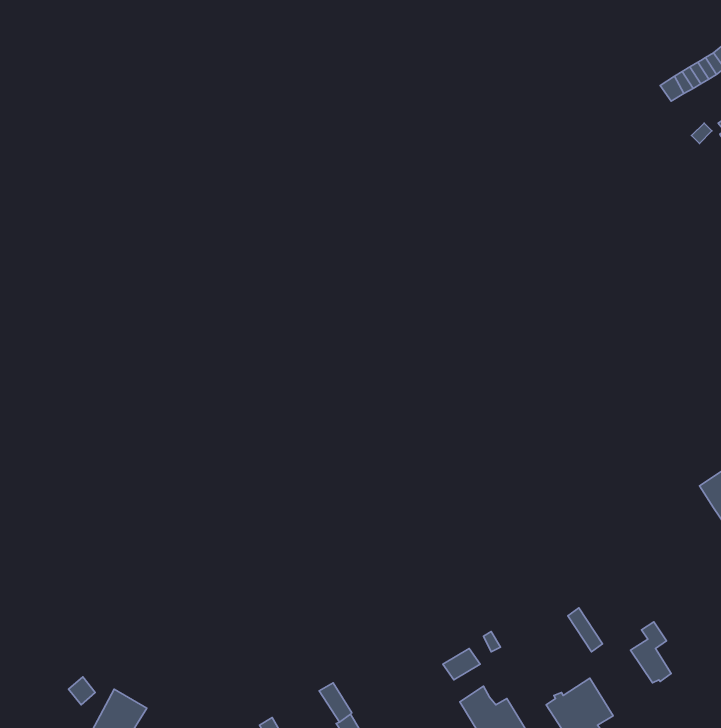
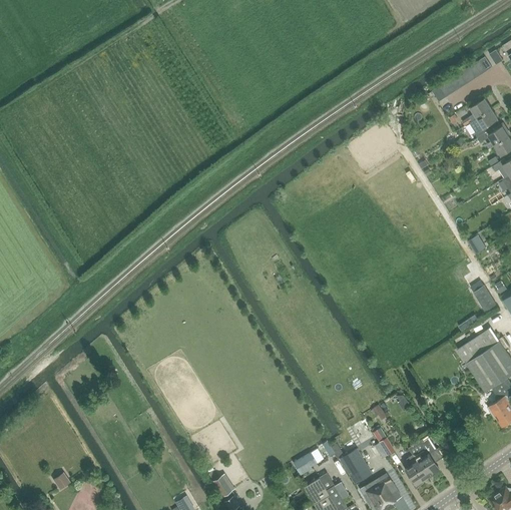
building: none -> [339,447,372,484]
building: none -> [405,454,427,489]

